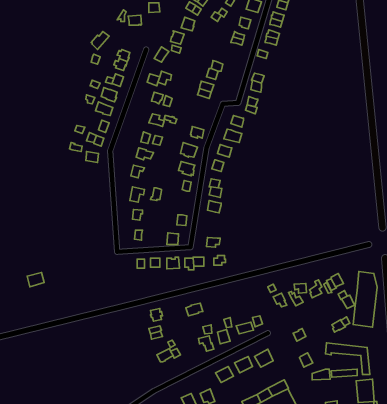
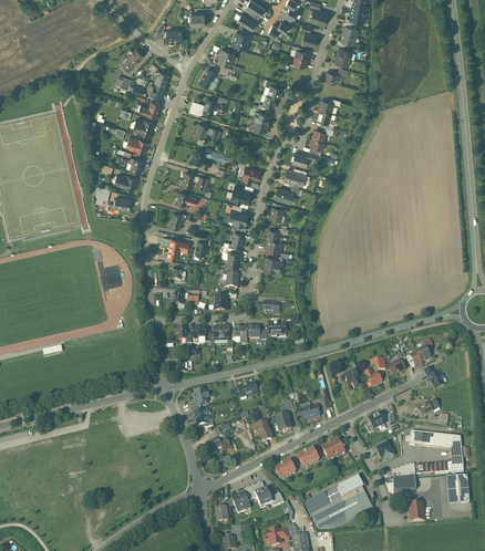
building: [353,271,377,327] -> none

